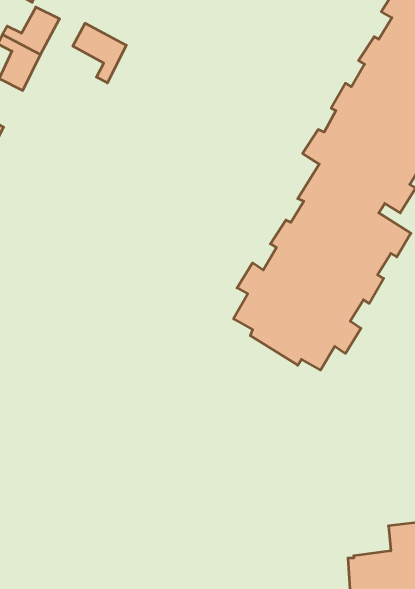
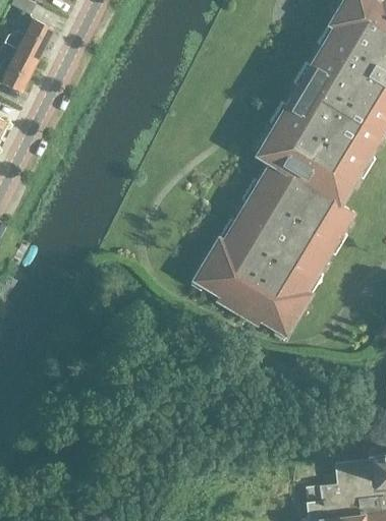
building: [73,23,126,83] -> none

